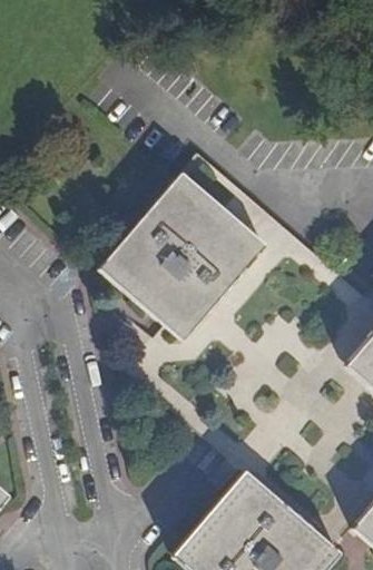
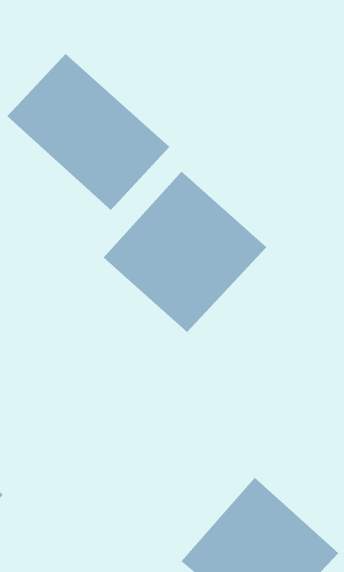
building: none -> [7,53,170,211]

